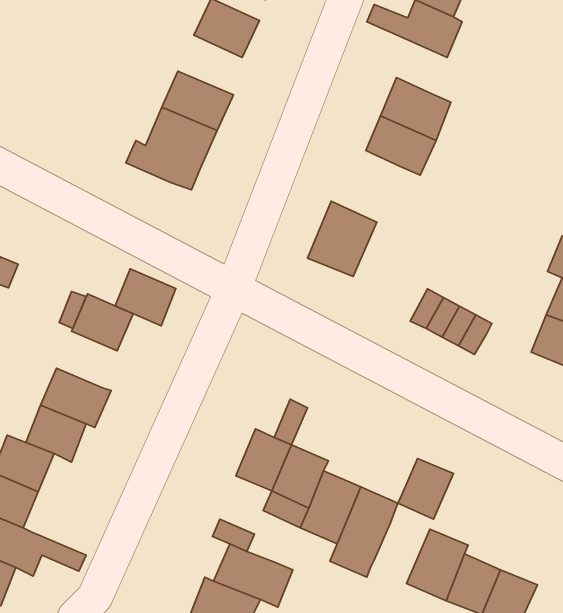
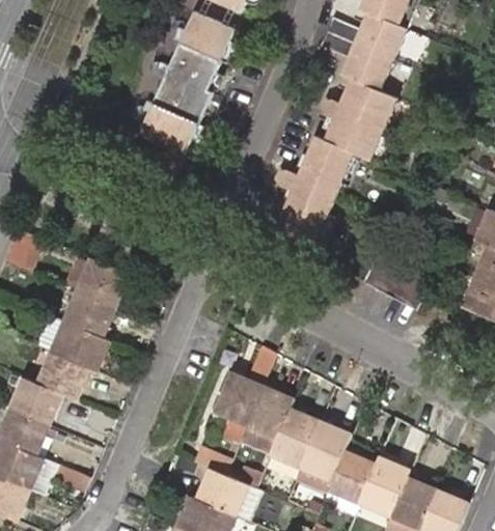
building: none -> [320,30,392,90]
building: none -> [166,41,220,89]
building: none -> [295,134,353,198]
building: [115,269,176,326] -> [64,289,115,337]
building: [398,459,453,519] -> [328,450,375,501]

